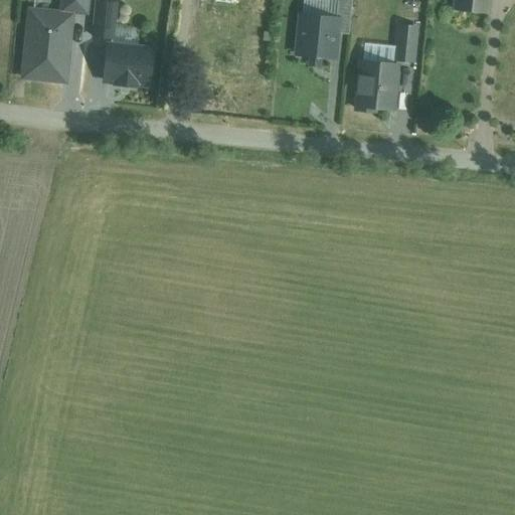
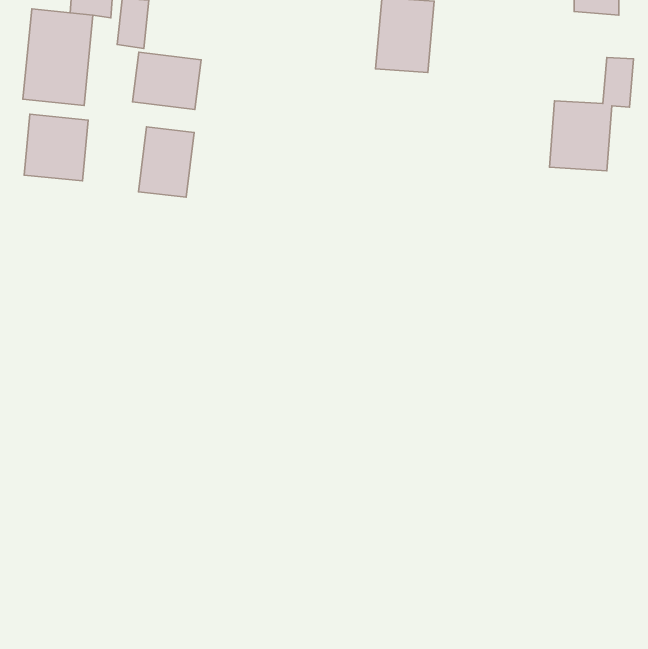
building: [356,21,422,111] -> [549,58,633,171]
building: none -> [24,114,88,181]
building: none -> [139,127,194,197]

